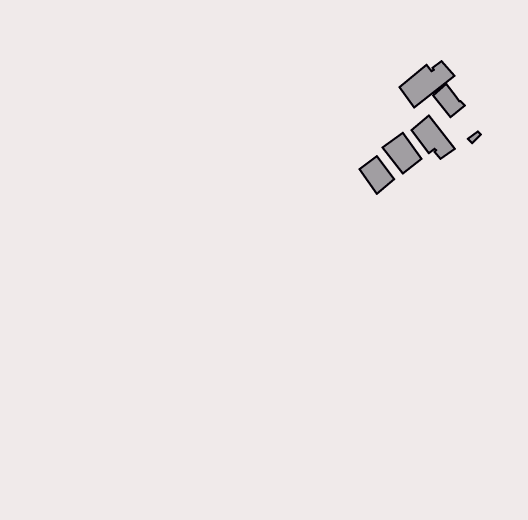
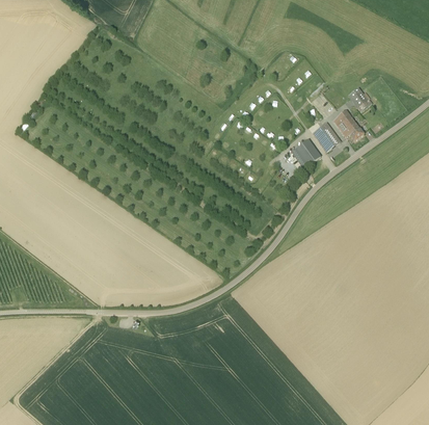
building: [399,61,454,107] -> none

